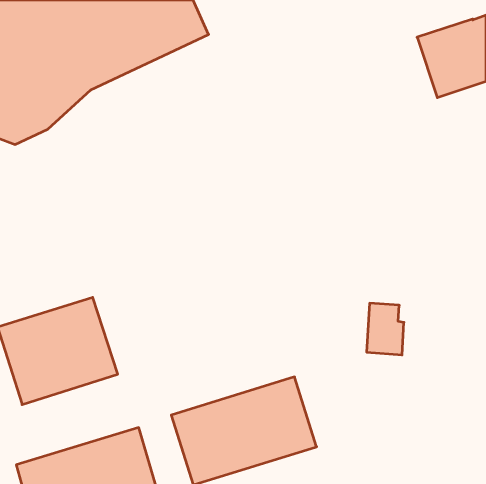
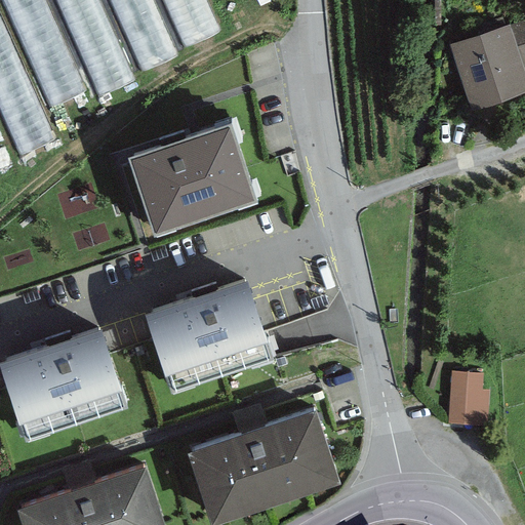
building: none -> [128,120,255,231]
building: none -> [145,276,274,392]
building: [367,303,404,355] -> [446,372,486,428]

